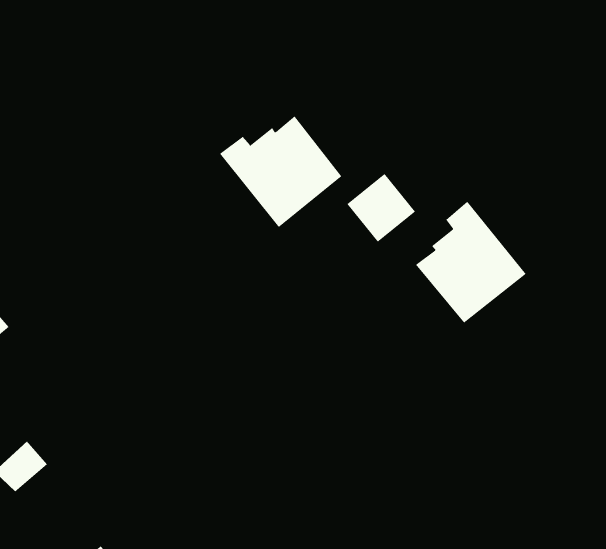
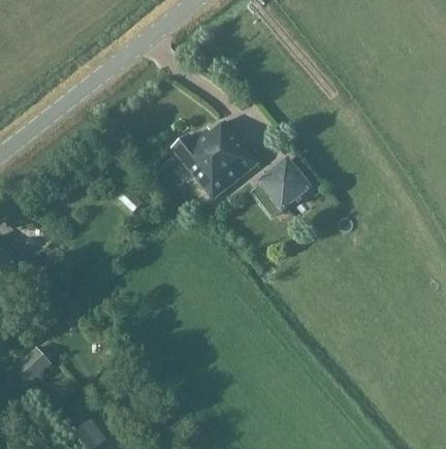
building: [415,201,526,324] -> none

